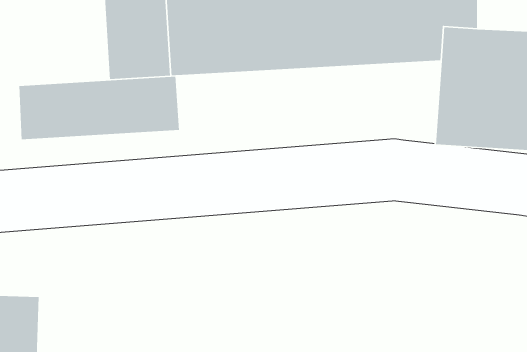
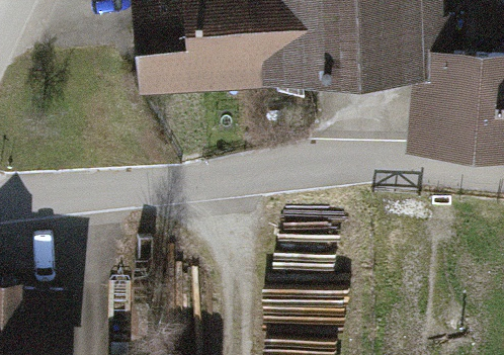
building: [19,76,180,140] -> none

